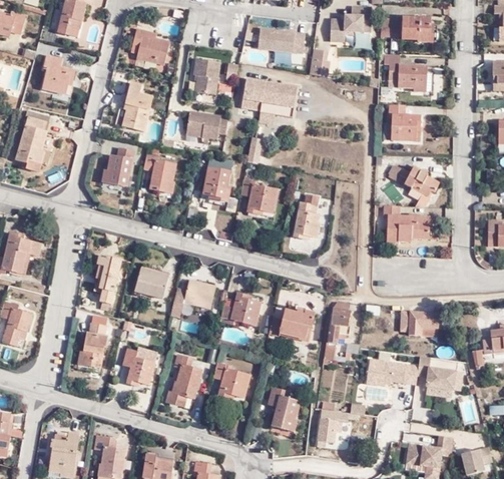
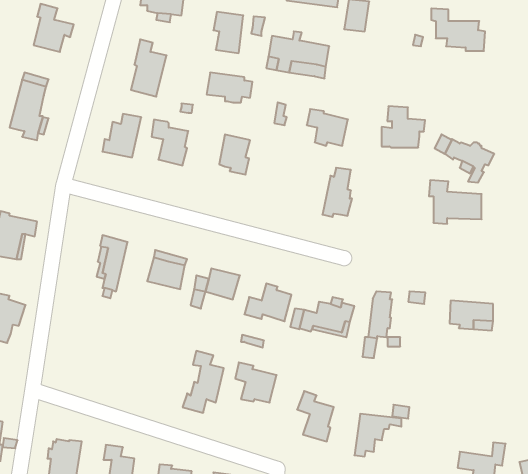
building: [383,103,421,139] -> [382,106,425,147]
building: [235,182,272,214] -> [307,109,348,146]
building: [79,323,105,366] -> none
building: [123,348,156,384] -> none
building: [367,356,457,389] -> none

